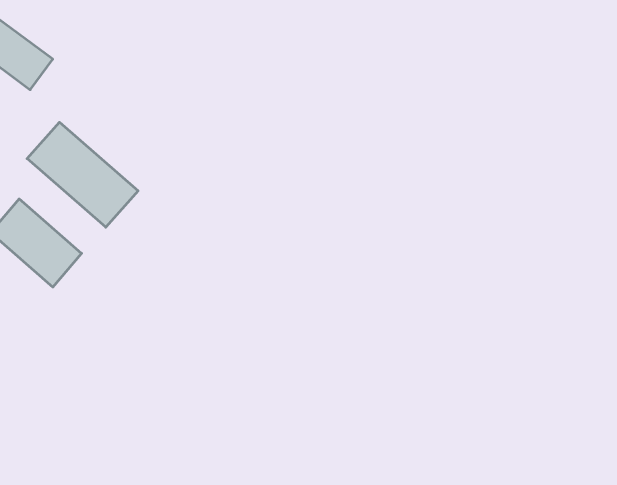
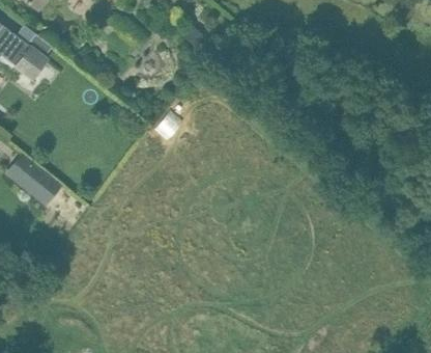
building: [27,122,138,227] -> none

